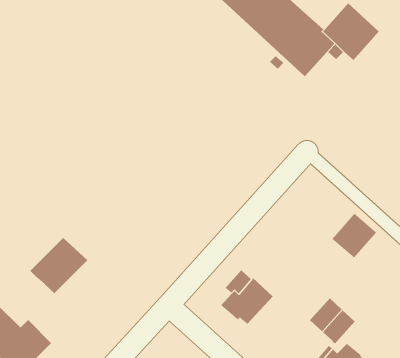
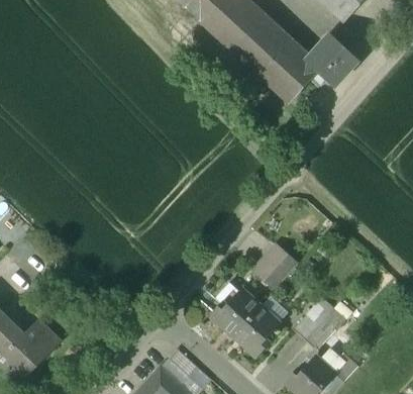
building: [331,213,377,258] -> [255,244,298,287]
building: [29,237,88,294] -> none
building: none -> [236,305,280,355]

